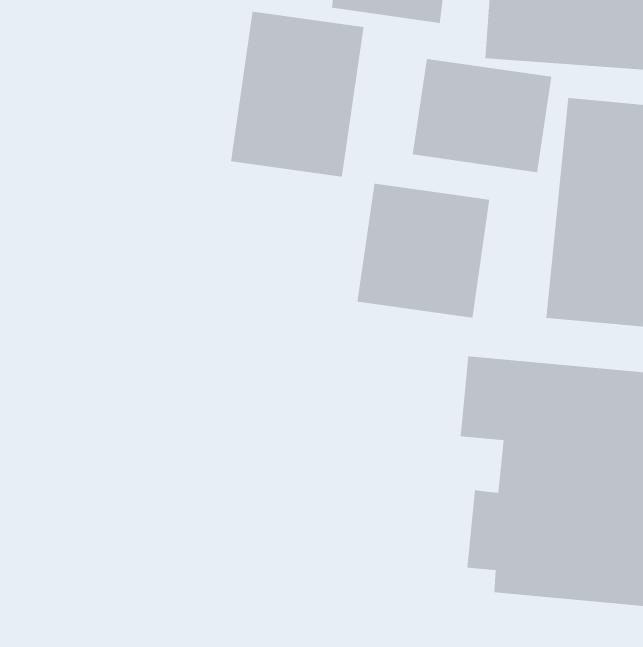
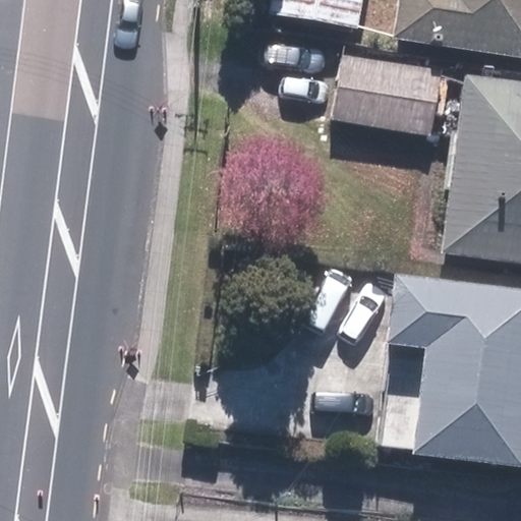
building: [230,11,364,177] -> none
building: [357,183,490,319] -> none

